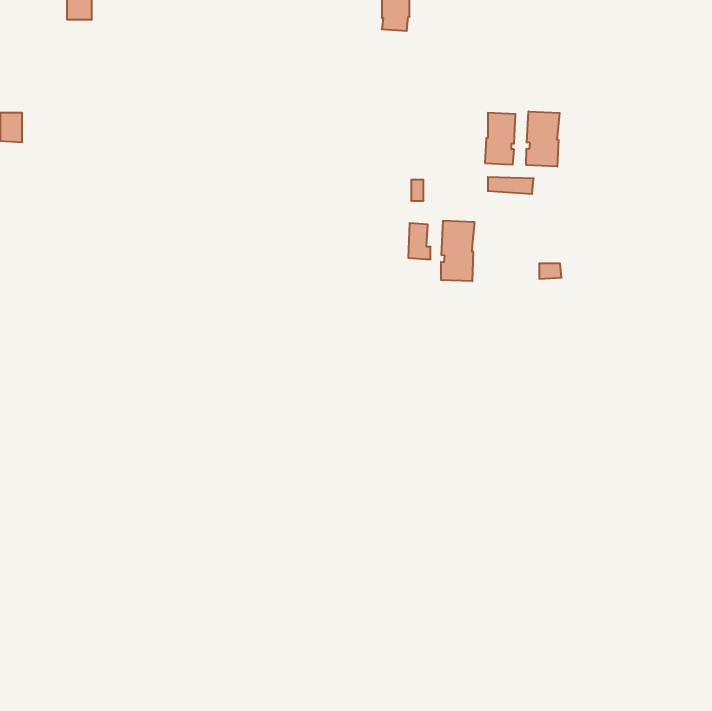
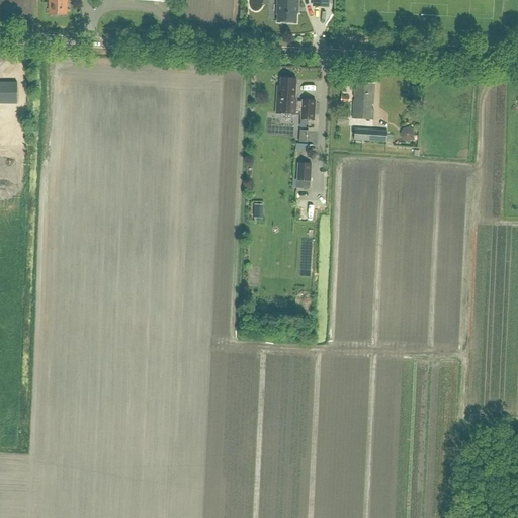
building: none -> [275,77,315,119]
building: [526,111,560,167] -> none
building: [441,221,474,281] -> none

